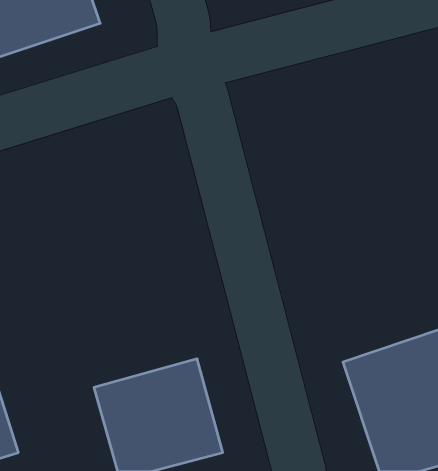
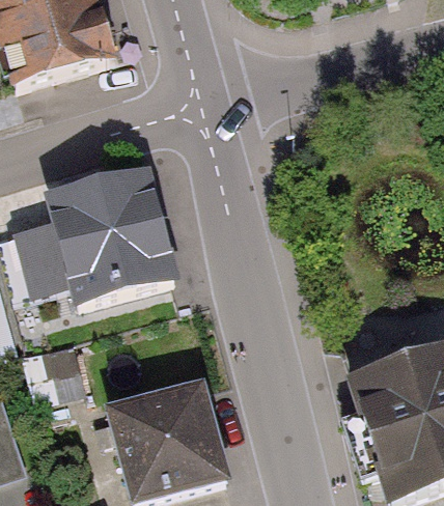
building: none -> [39,171,176,305]

